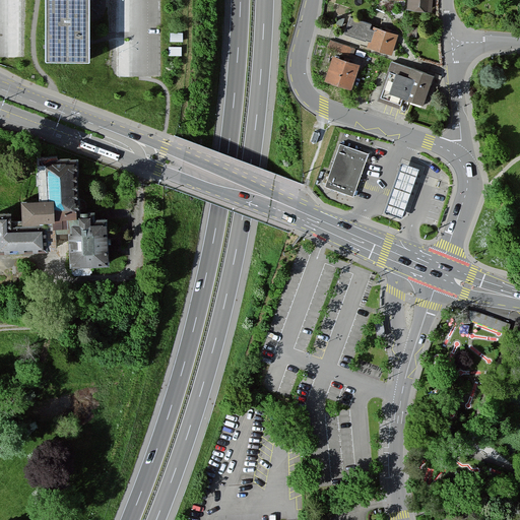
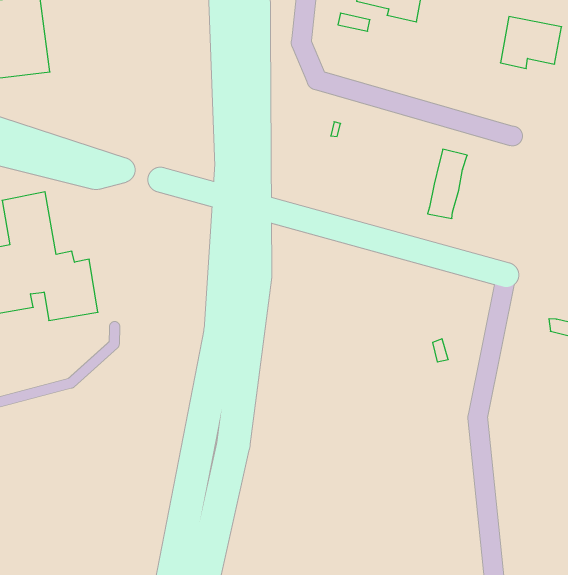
building: [324,58,359,91] -> none
building: [381,64,434,108] -> [500,17,562,69]
building: [325,141,369,196] -> none

